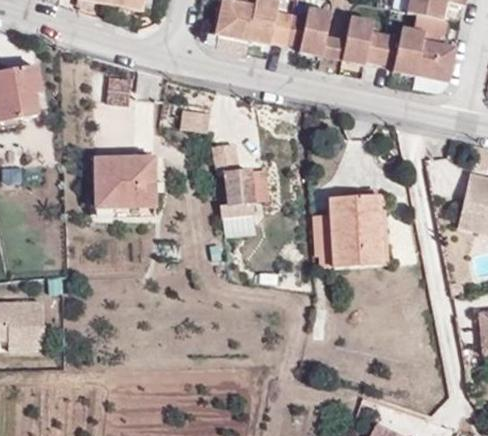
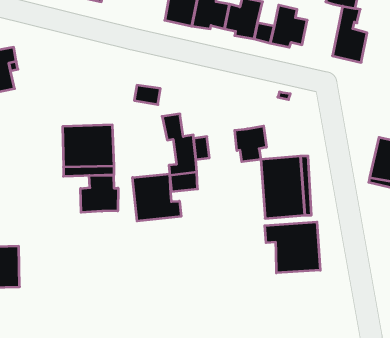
building: [378,14,426,75] -> none
building: none -> [235,126,266,162]
building: none -> [133,174,181,221]
building: none -> [81,175,118,212]
building: none -> [265,222,320,273]

